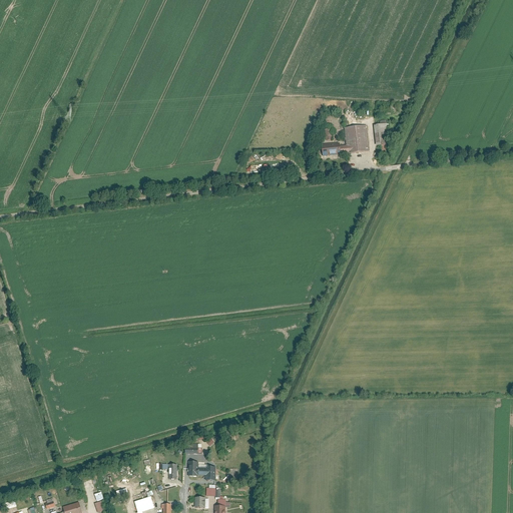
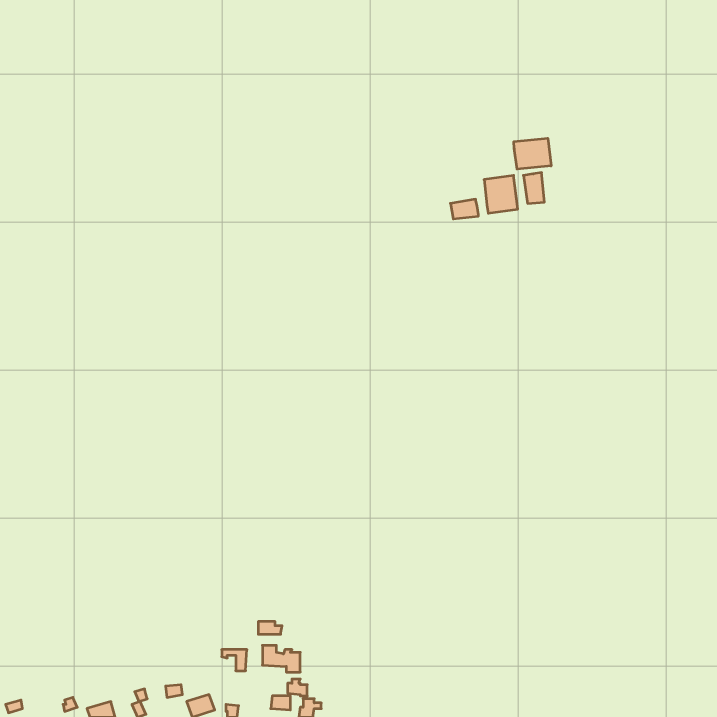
building: none -> [514,138,551,169]

